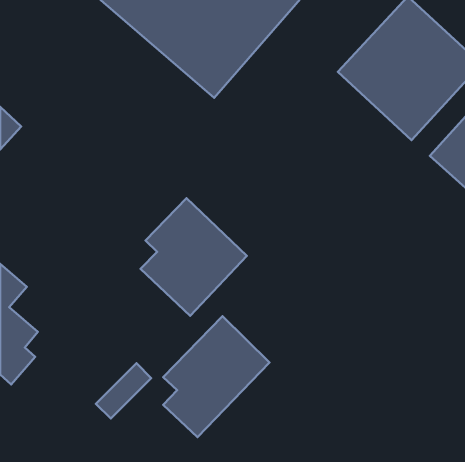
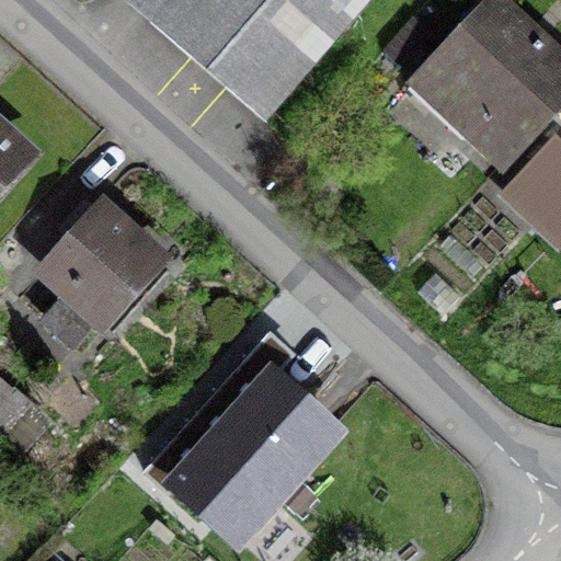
building: none -> [31,202,165,347]
building: [141,198,247,316] -> none

